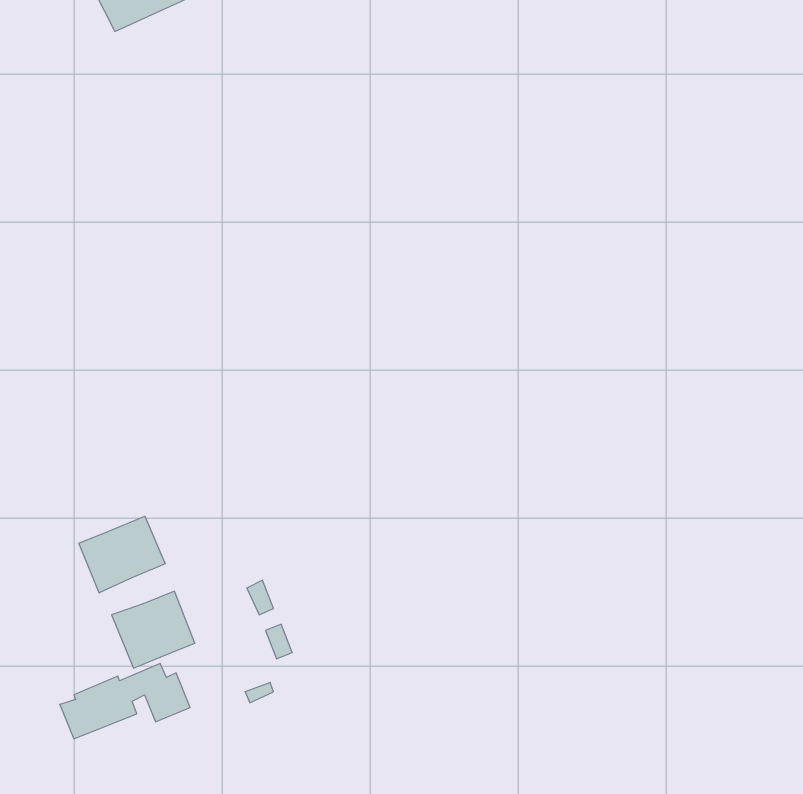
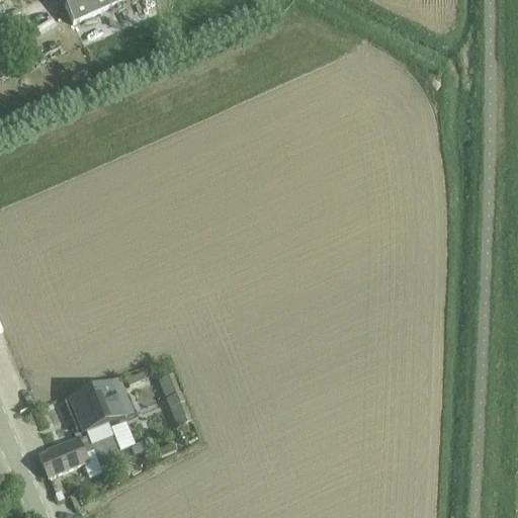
building: [79,516,165,593] -> none

